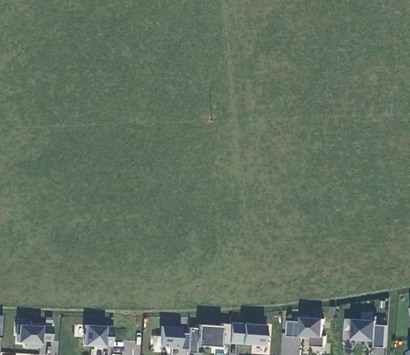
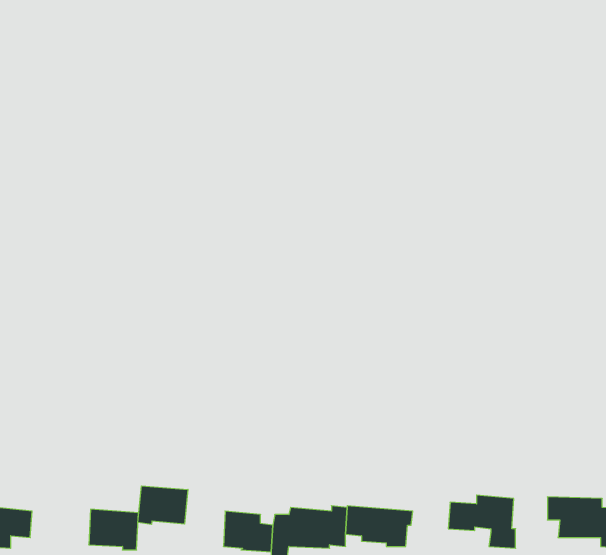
building: none -> [138,486,188,524]

